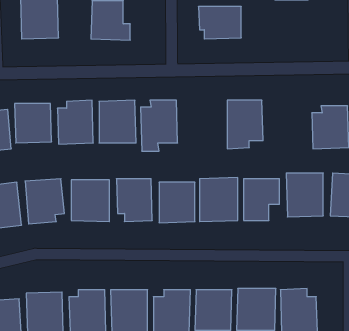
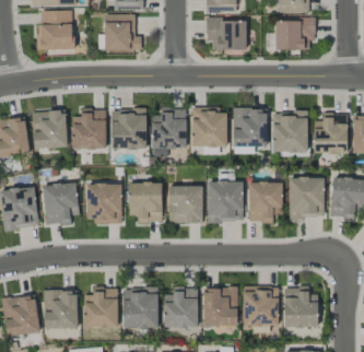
building: none -> [275,19,315,50]
building: none -> [191,108,227,146]
building: none -> [271,112,307,153]

